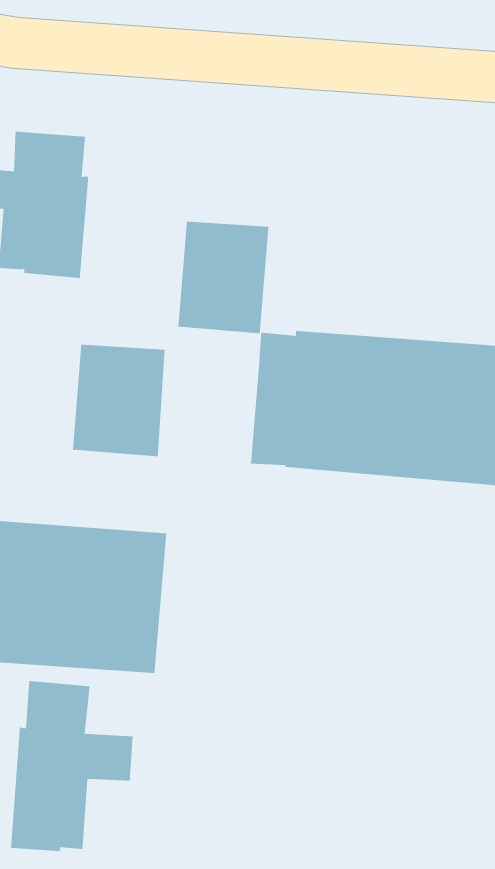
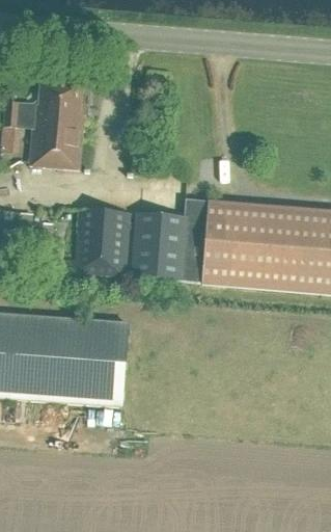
building: [177,221,269,334] -> [131,212,186,280]
building: [11,680,133,852] -> none

